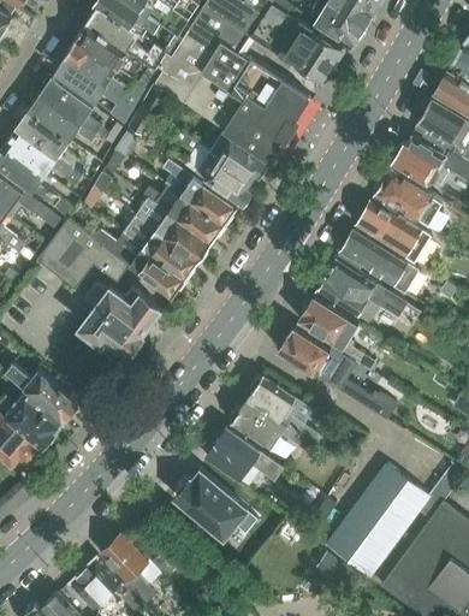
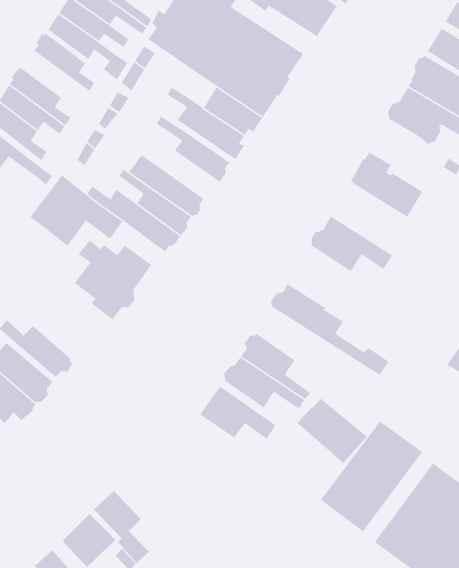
building: [29,94,97,143] -> none
building: [374,168,445,226] -> none
building: [144,184,227,242] -> none
building: [342,229,418,290] -> none
building: [299,295,376,369] -> none
building: [185,469,256,535] -> [297,398,368,464]

